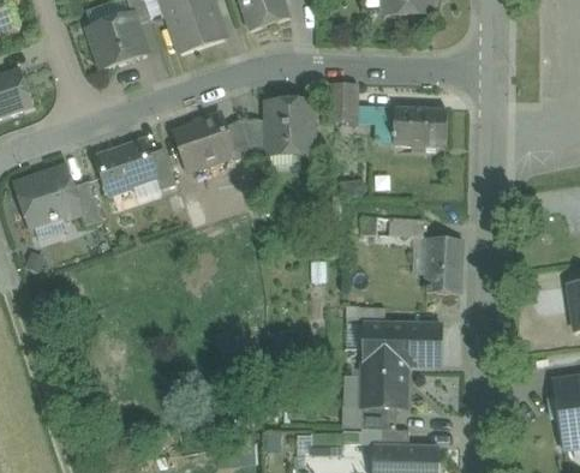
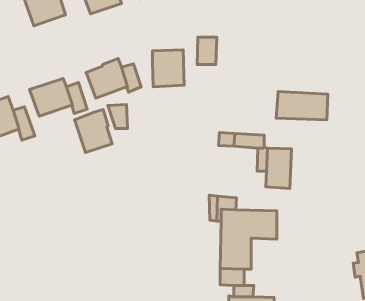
building: [375,106,447,145] -> [276,92,328,120]
building: [240,119,268,152] -> [108,105,127,129]
building: none -> [74,110,112,152]

